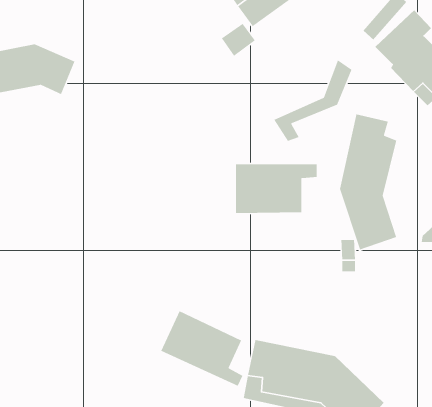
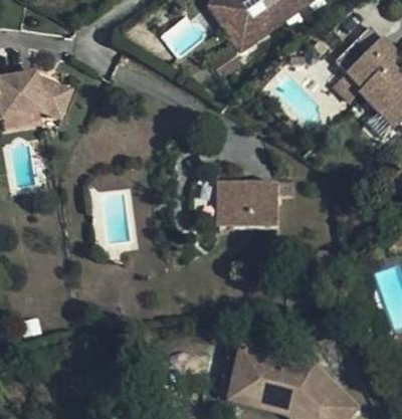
building: [273,59,352,142] -> none
building: [339,113,397,251] -> none
building: [160,310,243,387] -> none

